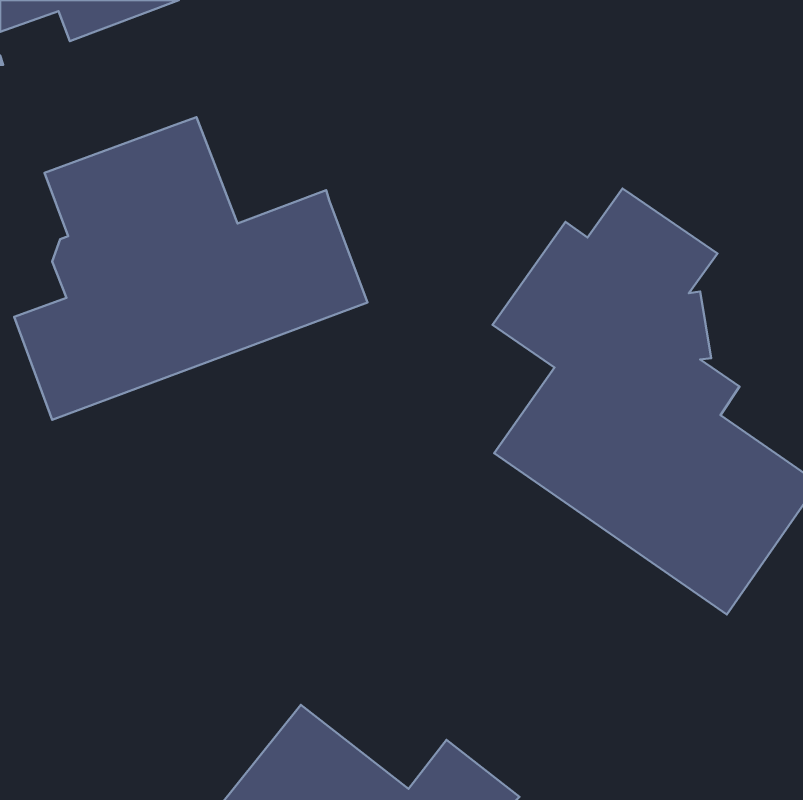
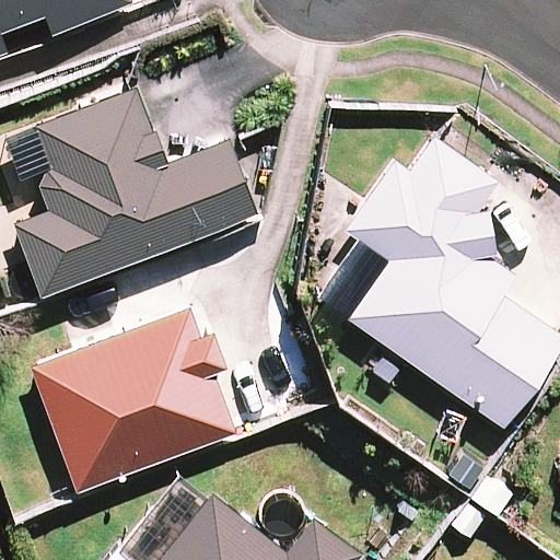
building: none -> [31,308,236,492]

